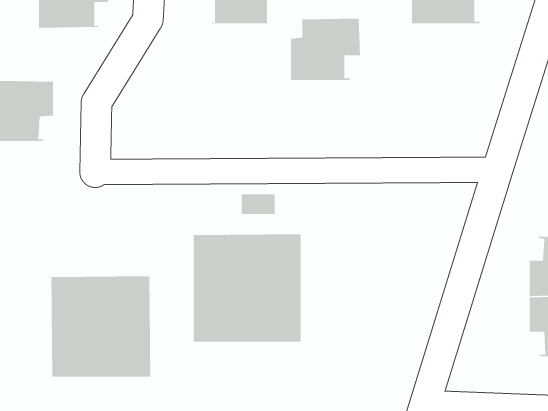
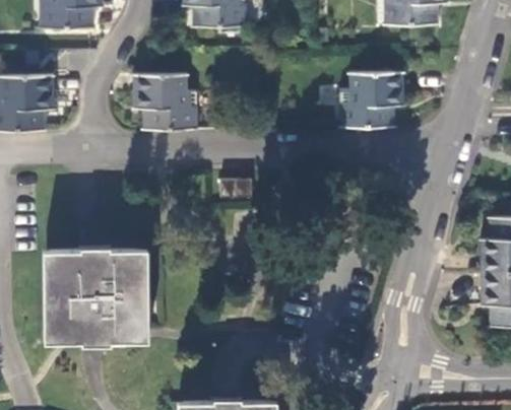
building: [290,18,361,81] -> [339,70,403,127]
building: none -> [133,74,198,129]
building: [193,233,302,342] -> none

